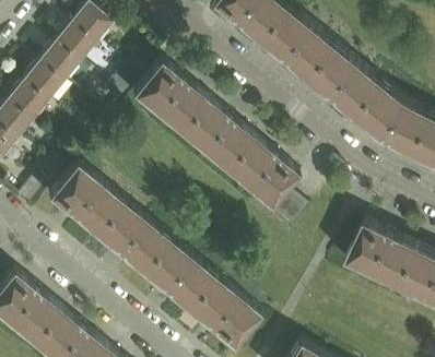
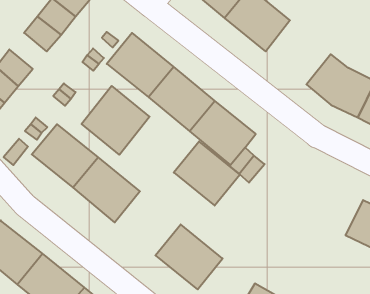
building: [309,48,383,120] -> none
building: [22,62,63,103] -> none
building: none -> [82,86,150,155]
building: [345,224,419,289] -> none
building: [140,240,214,312] -> [174,141,240,206]

